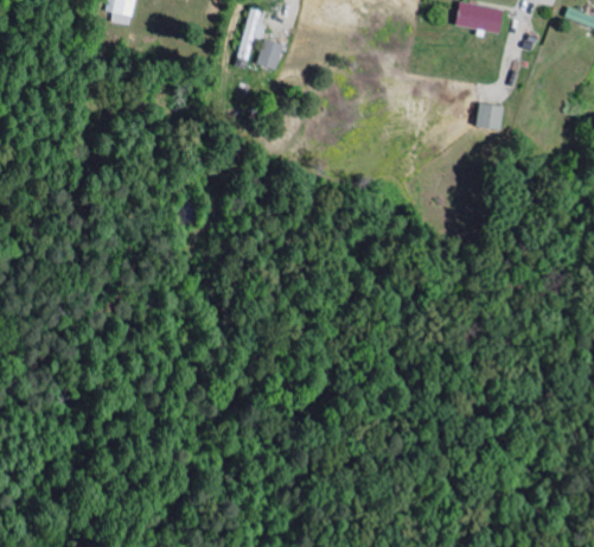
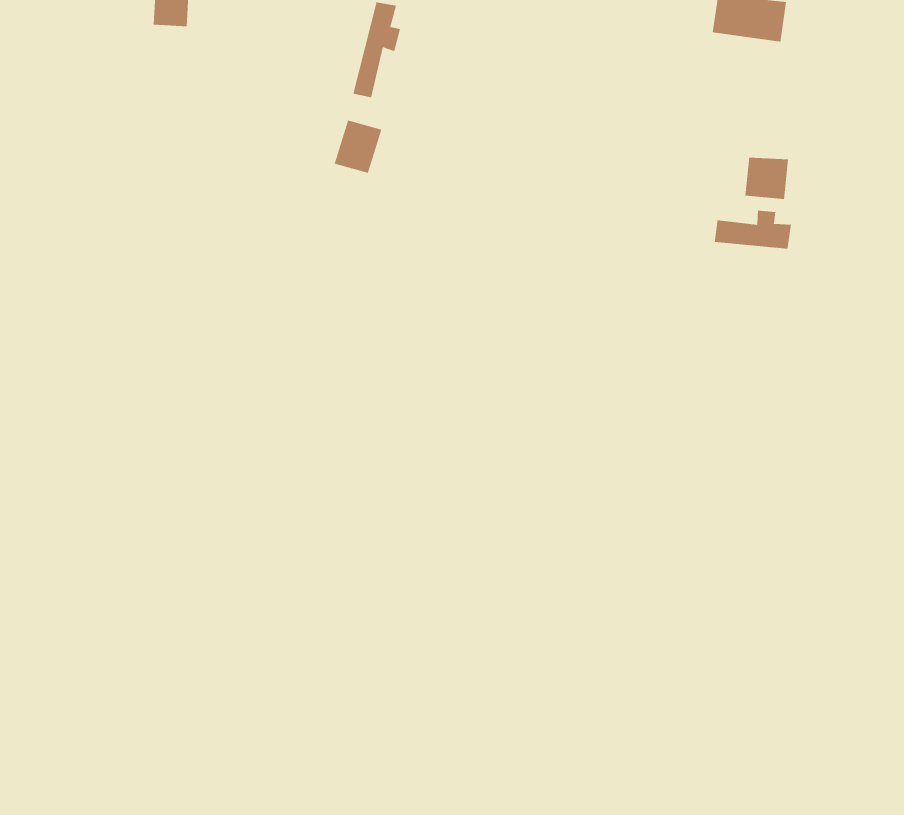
building: [255,37,285,70] -> [334,120,382,174]
building: none -> [714,210,791,250]

